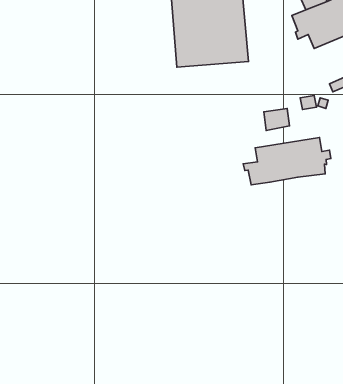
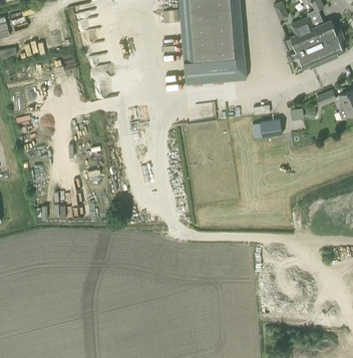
building: [243,138,331,185] -> none

